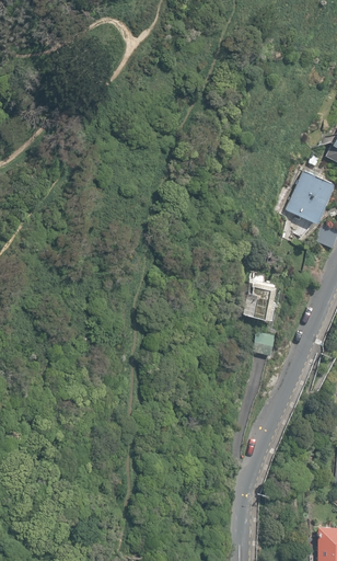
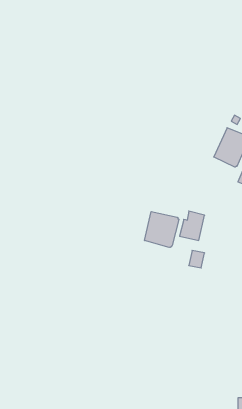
building: none -> [145,212,179,247]

